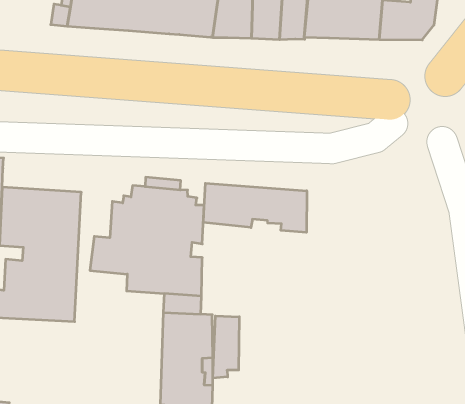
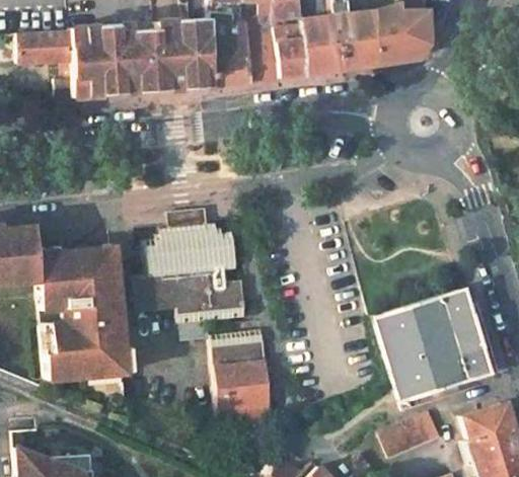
building: [204,183,307,232] -> none
building: none -> [374,293,495,407]
building: [213,316,239,378] -> none

